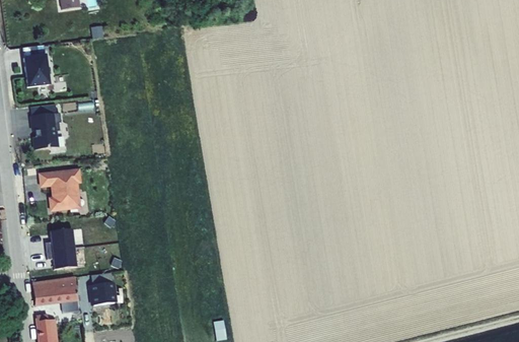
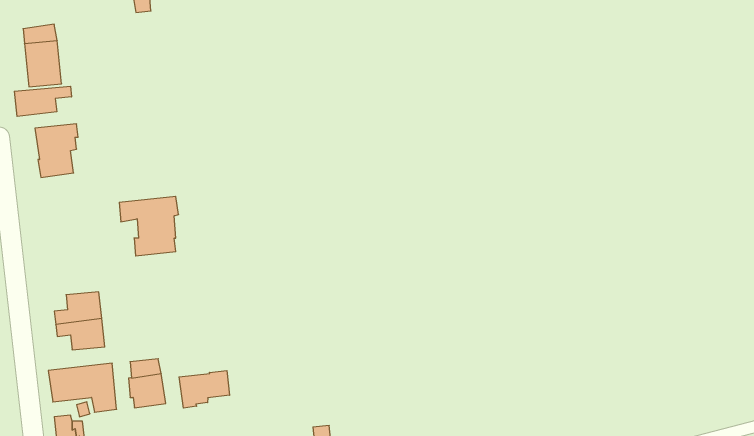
building: none -> [14,86,71,116]
building: [34,170,75,211] -> [119,196,179,256]
building: none -> [179,371,230,408]

